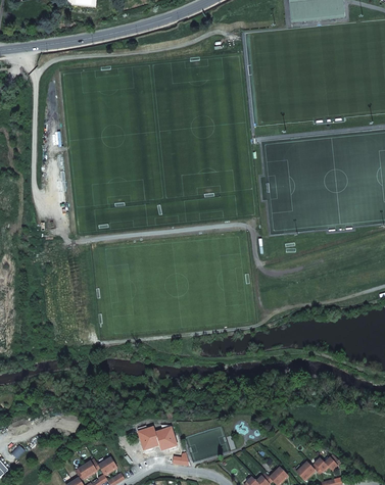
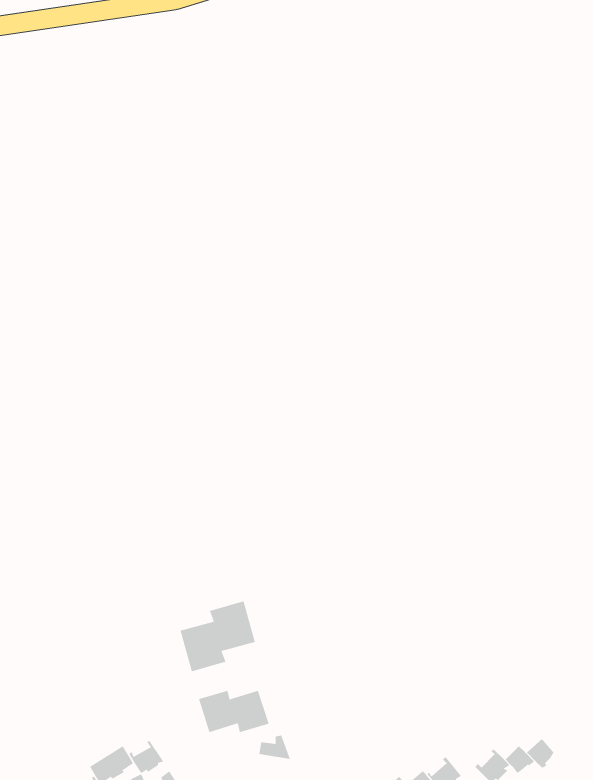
building: none -> [180,600,255,672]

